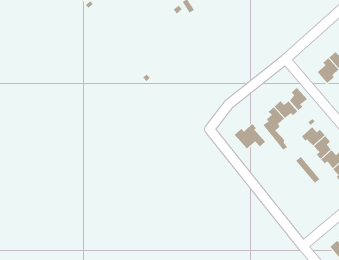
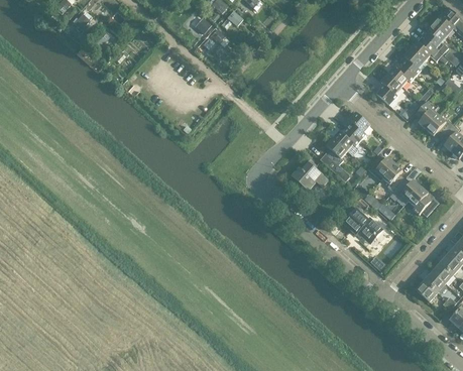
building: none -> [344,209,383,242]

